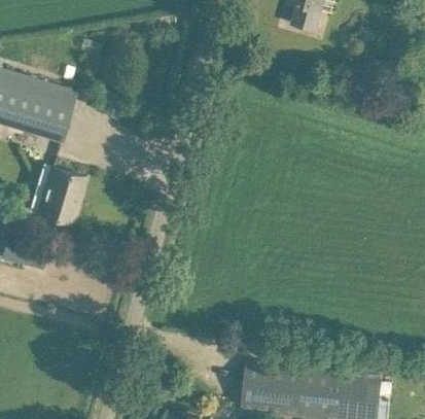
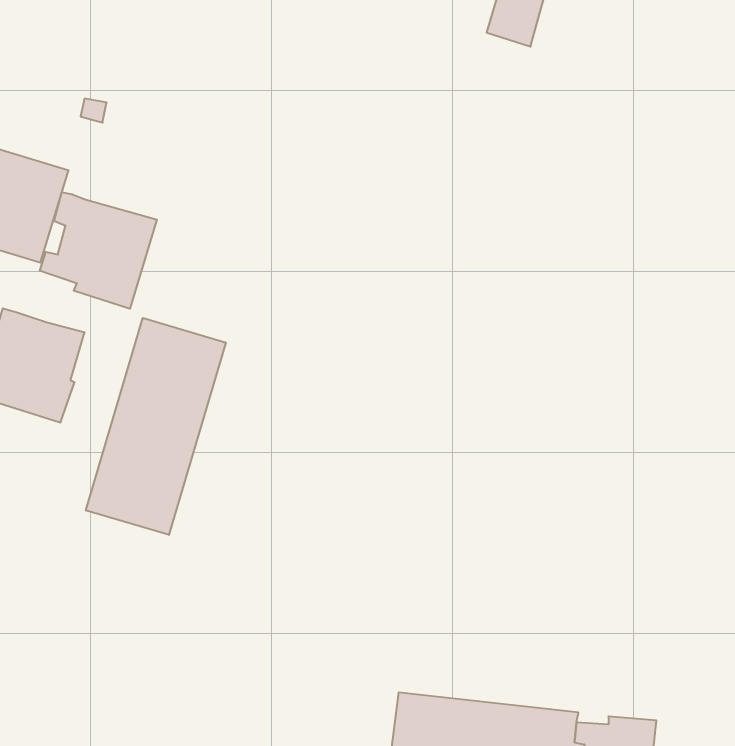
building: none -> [40,192,157,309]
building: none -> [86,318,226,535]

